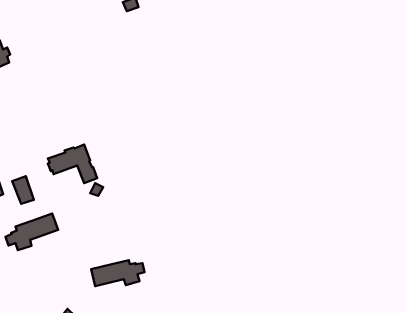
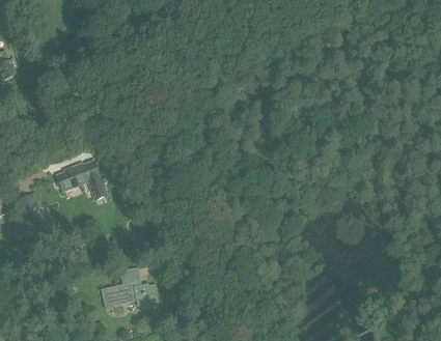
building: [5,214,58,250] -> none

